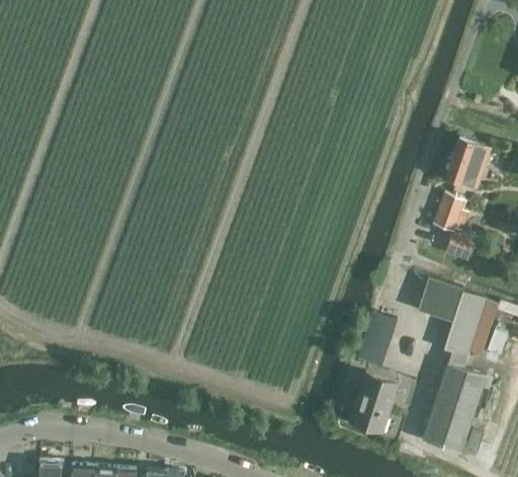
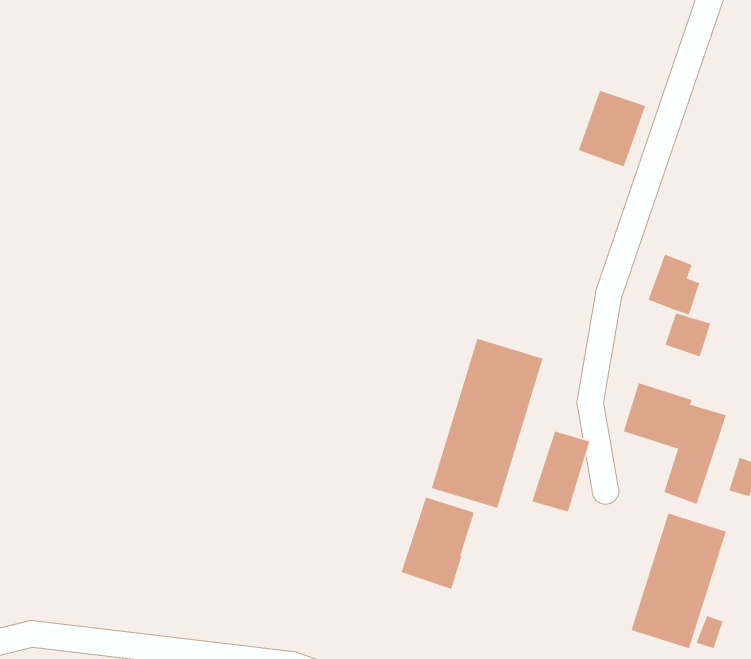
building: [445,138,490,188] -> [578,90,646,168]
building: none -> [431,338,544,509]
building: [349,374,398,434] -> [401,497,475,590]

